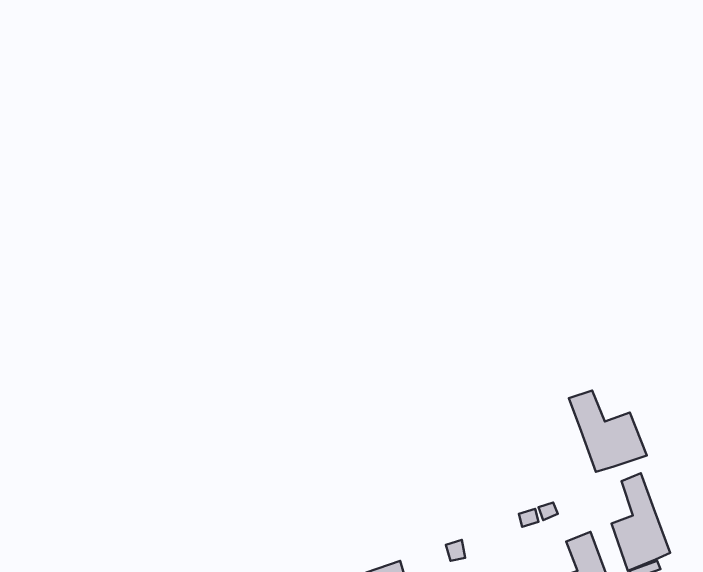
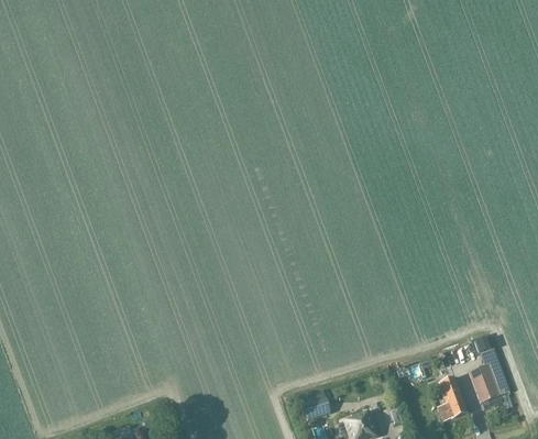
building: [569,390,647,472] -> none

